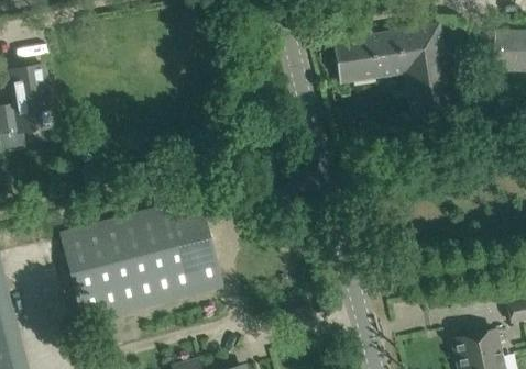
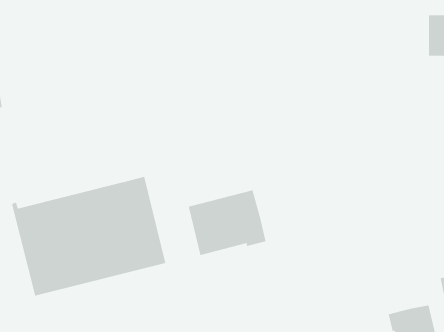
building: [332,24,453,116] -> none
building: none -> [188,190,266,256]

